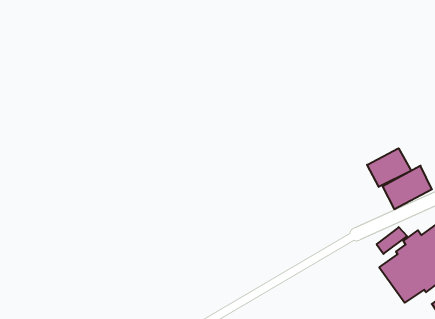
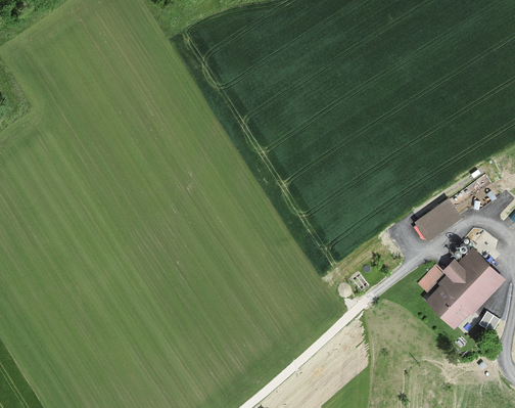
building: [367,148,411,187] -> none

